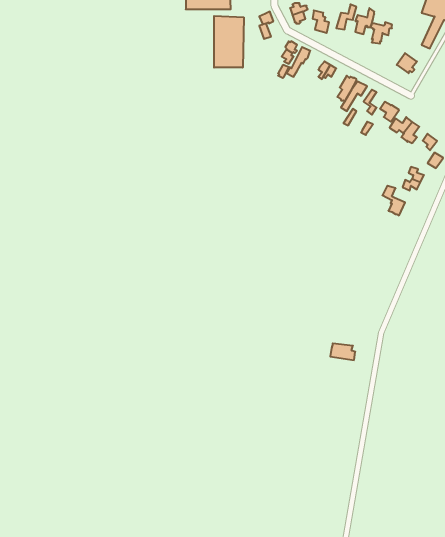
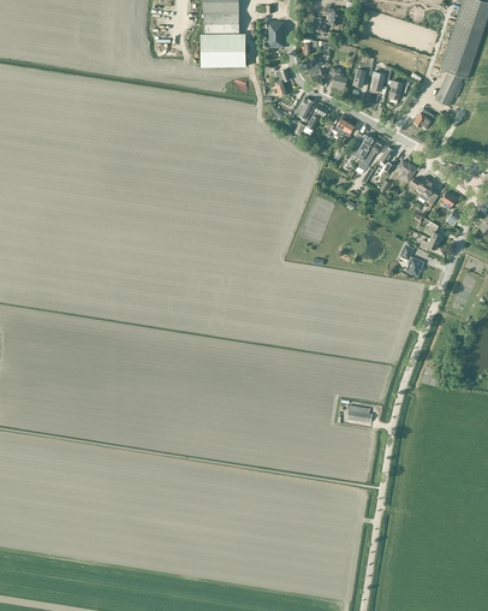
building: [214,16,244,68] -> none

